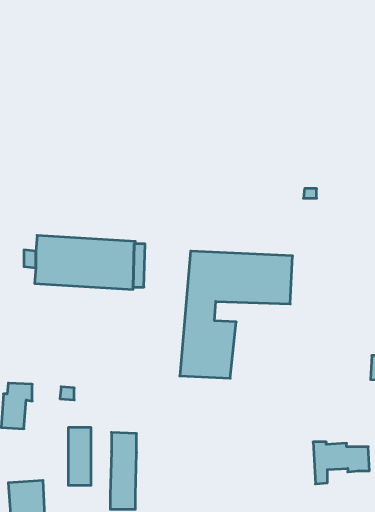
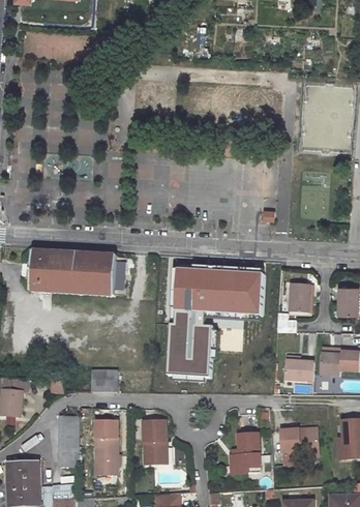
building: none -> [290,285,309,314]
building: none -> [283,360,313,381]
building: none -> [91,371,118,393]
building: none -> [143,420,167,464]
building: none -> [230,434,261,474]

